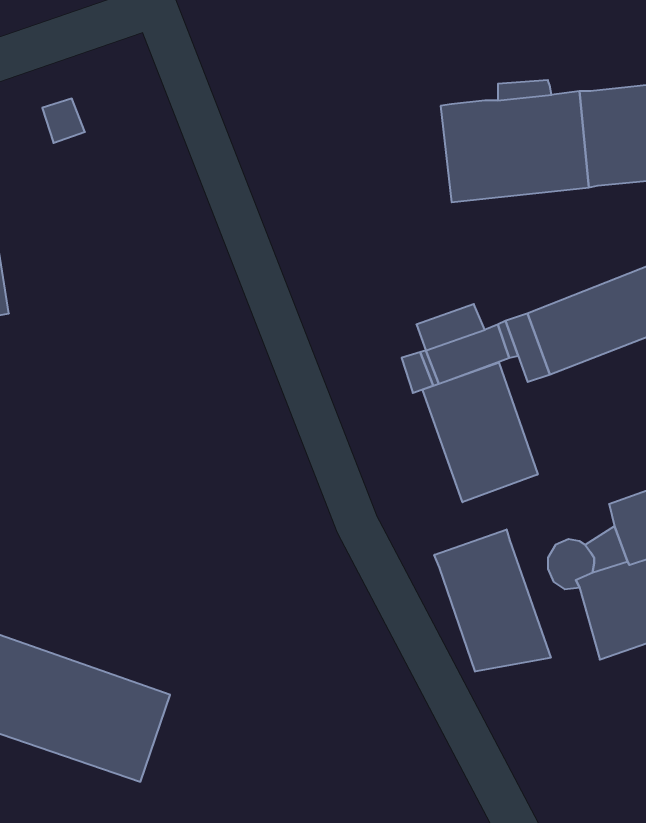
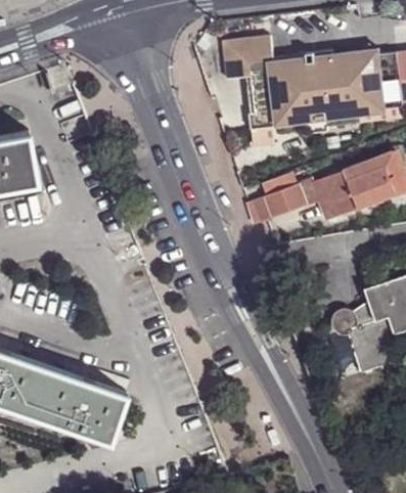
building: none -> [221,36,361,133]
building: [423,363,538,502] -> none
building: [434,529,551,672] -> none

